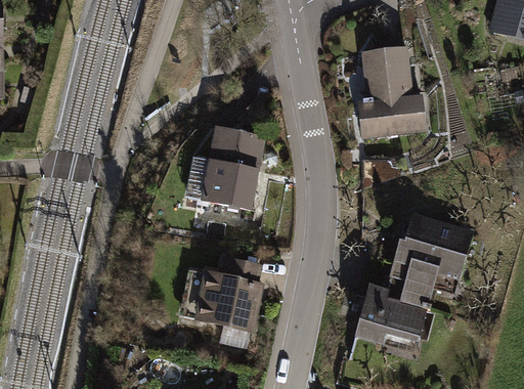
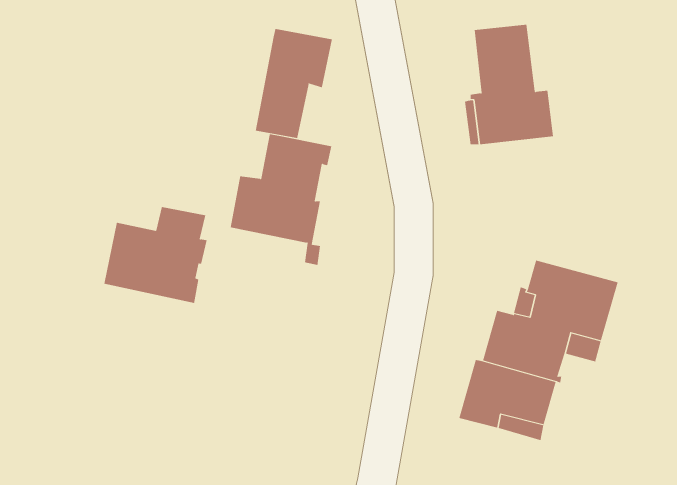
building: none -> [255,28,333,139]
building: [183,259,259,330] -> [104,207,207,303]

